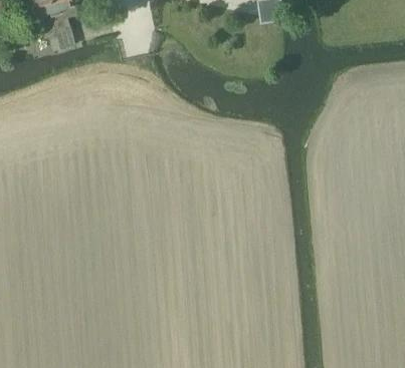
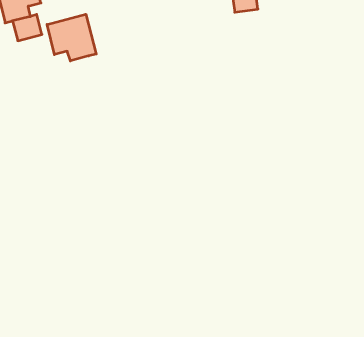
building: none -> [47,14,96,61]

